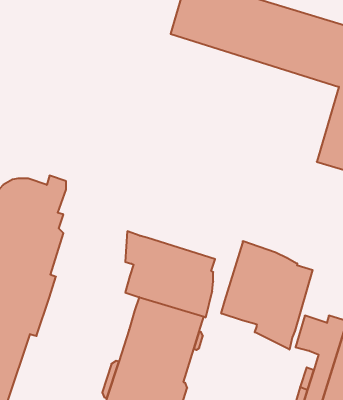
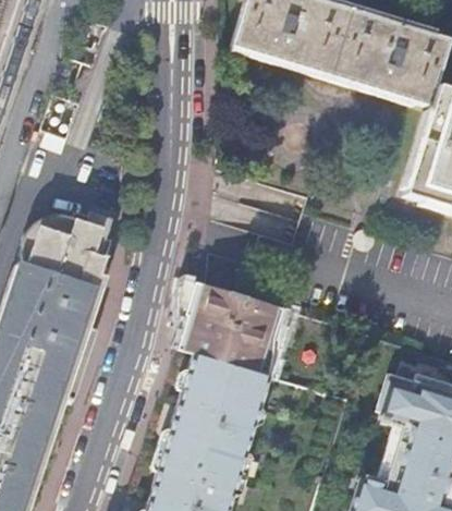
building: [221,241,313,350] -> none

